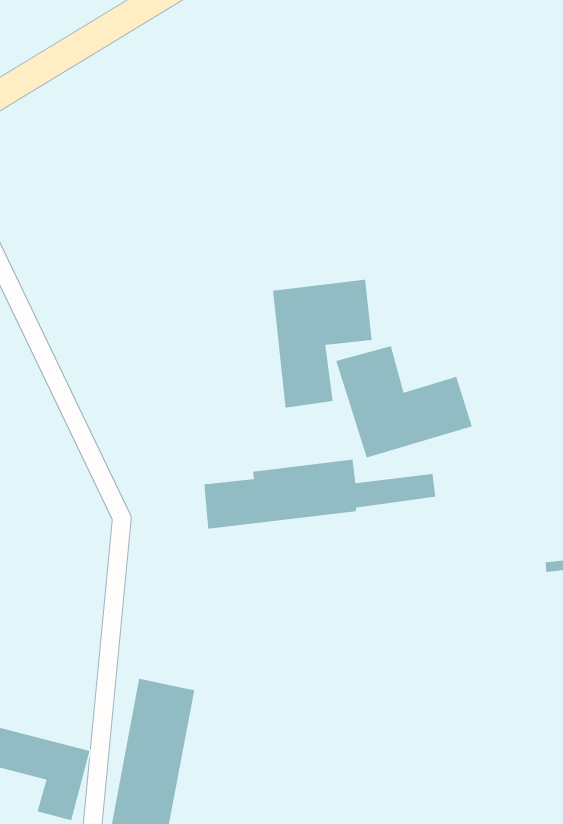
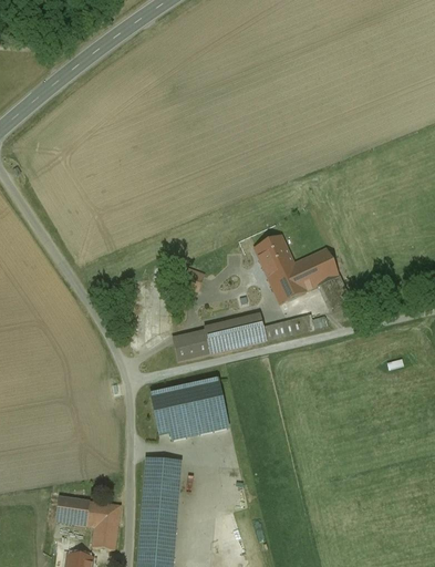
building: [272,279,372,409] -> none
building: none -> [148,375,231,440]

